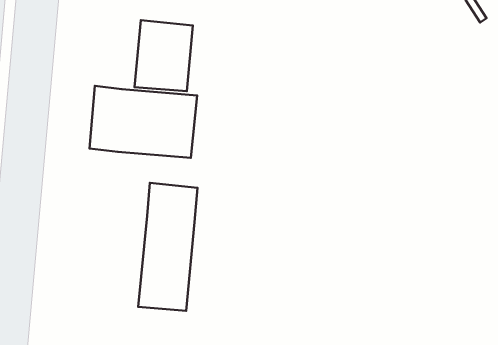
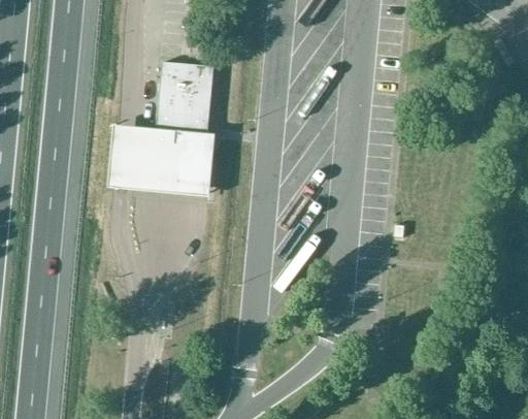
building: [138,183,197,311] -> none

